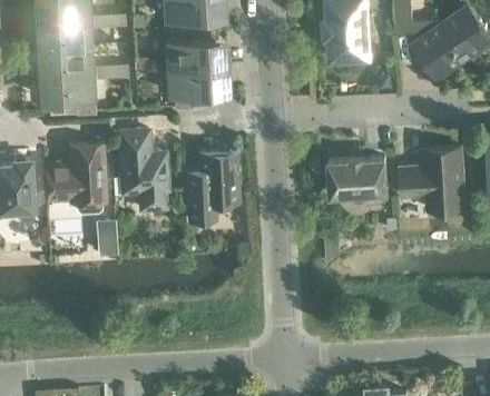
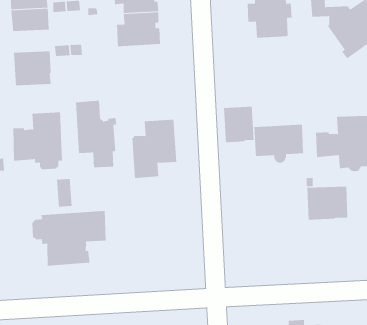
building: [45,49,89,76] -> none
building: [167,66,220,108] -> none
building: none -> [223,106,254,143]
building: none -> [307,186,348,220]
building: none -> [32,210,106,266]

